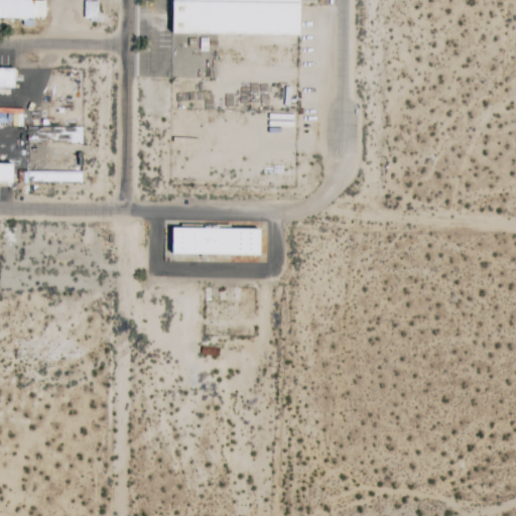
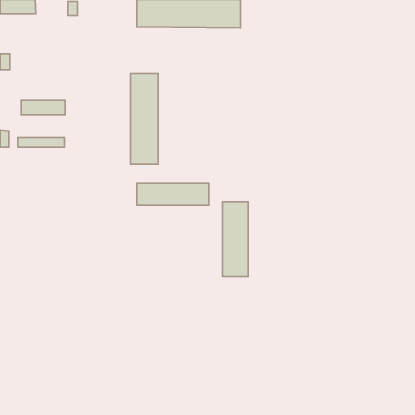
building: none -> [131,74,158,164]
building: none -> [223,202,248,276]

